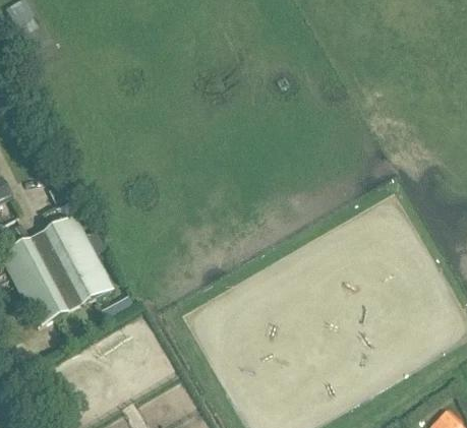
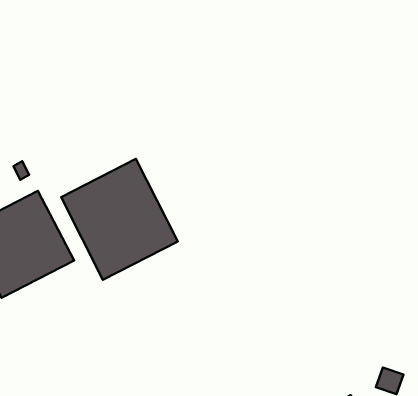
building: none -> [61,159,178,280]

